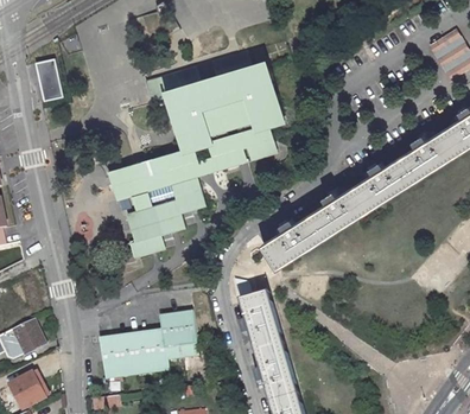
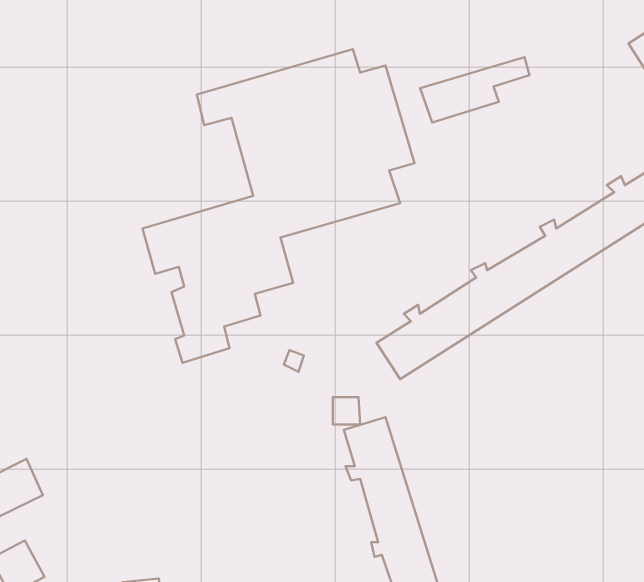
building: none -> [420,57,530,122]
building: [36,60,63,102] -> none
building: [91,316,188,378] -> none

